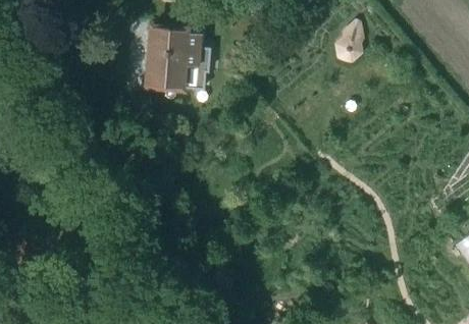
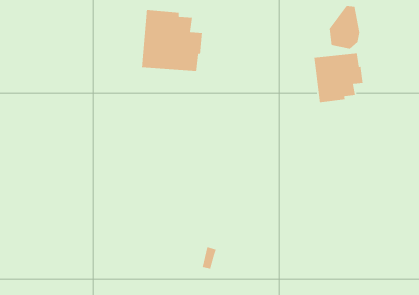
building: none -> [314,53,363,103]

